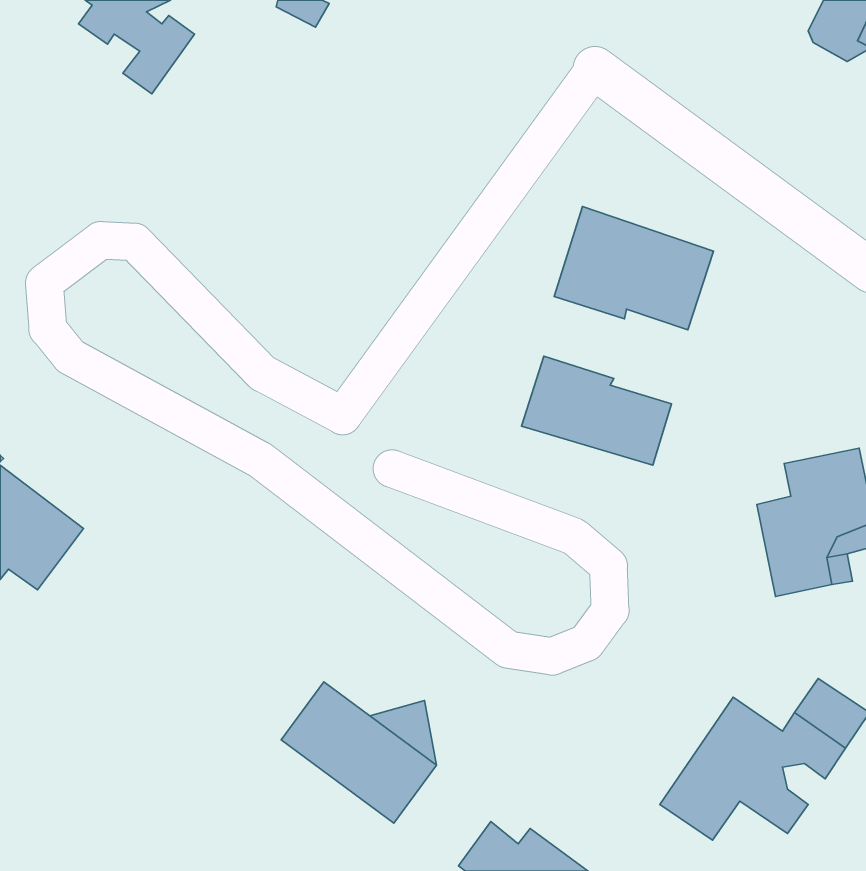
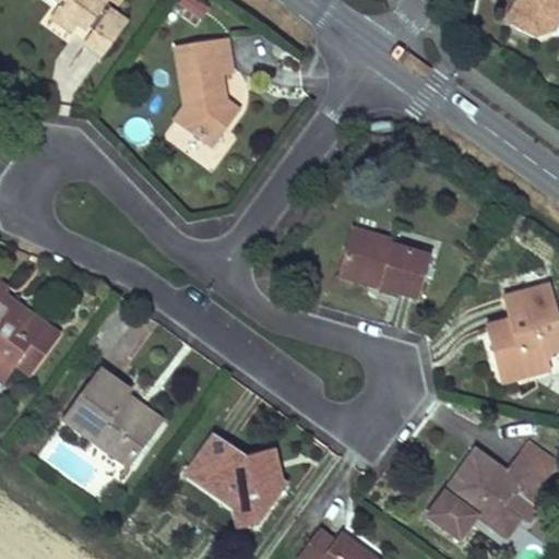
building: none -> [175,39,240,147]
building: [554,207,713,330] -> none
building: none -> [59,372,164,471]

